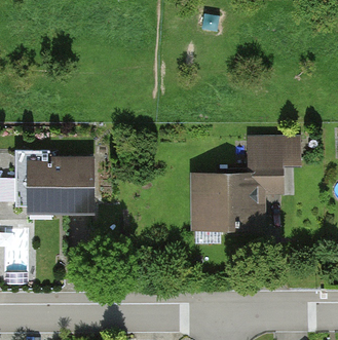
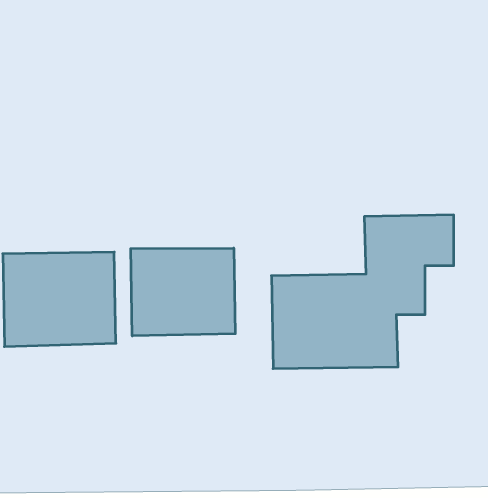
building: none -> [131,248,235,336]

